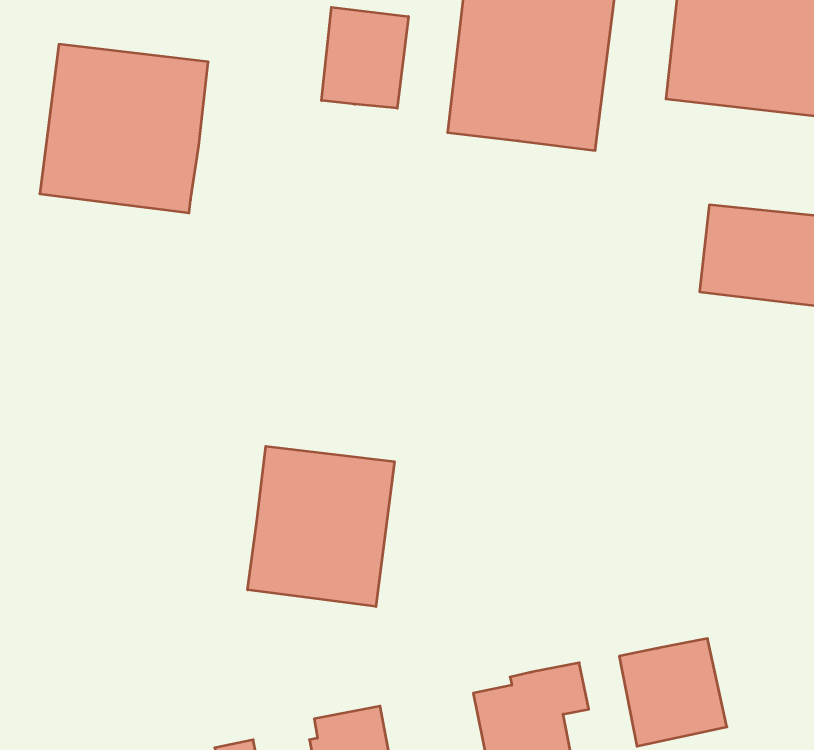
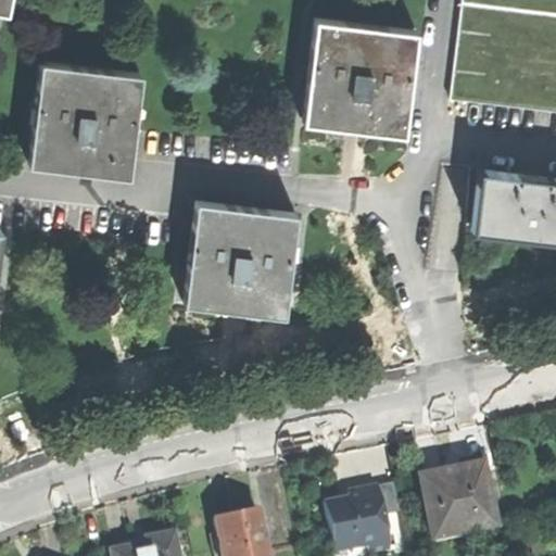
building: [322,7,408,108] -> none
building: none -> [186,205,300,319]
building: [248,446,394,607] -> none

